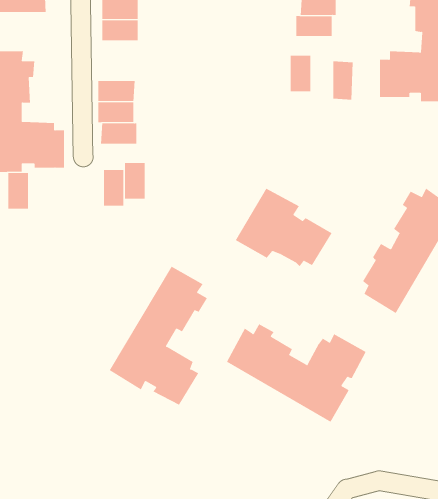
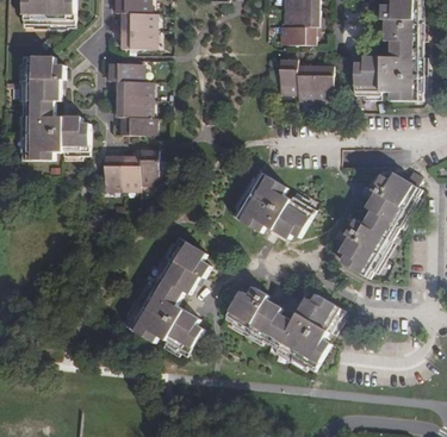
building: none -> [107,63,138,81]
building: none -> [297,64,315,96]
building: [7,172,29,209] -> [104,156,122,187]

